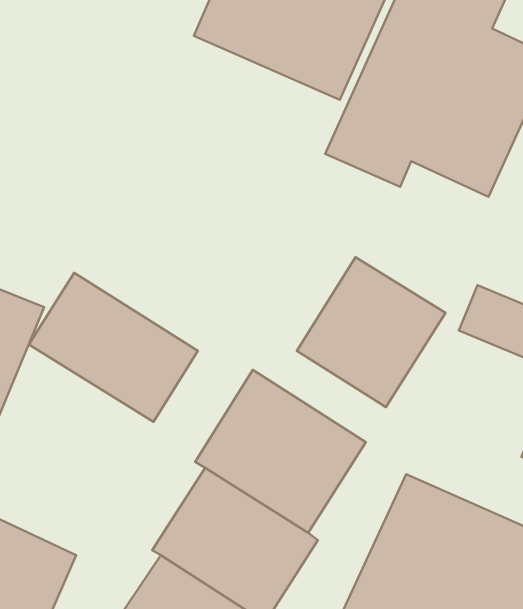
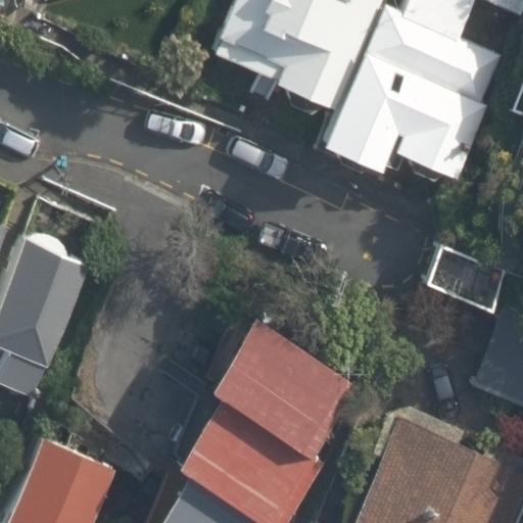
building: [297,257,446,407] -> none
building: [29,273,198,422] -> none

